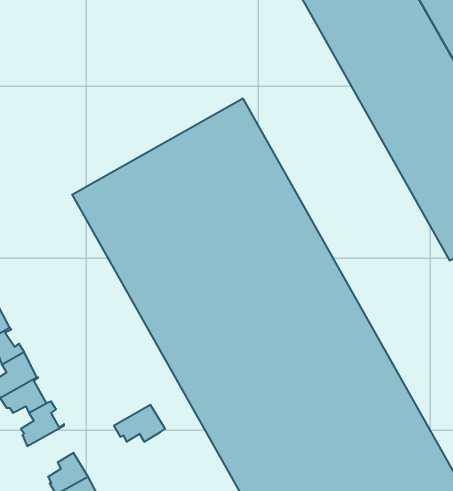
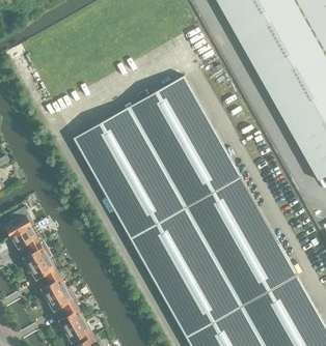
building: [114,405,165,442] -> [45,288,78,312]

